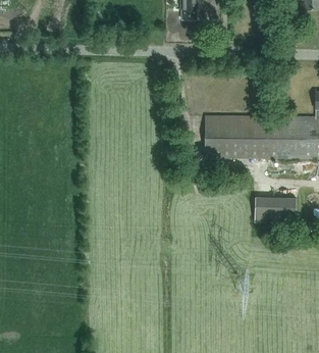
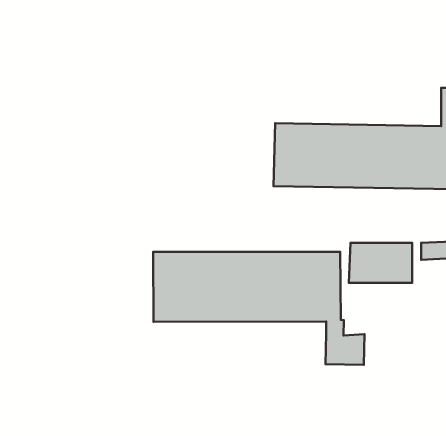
building: none -> [153,252,364,365]

